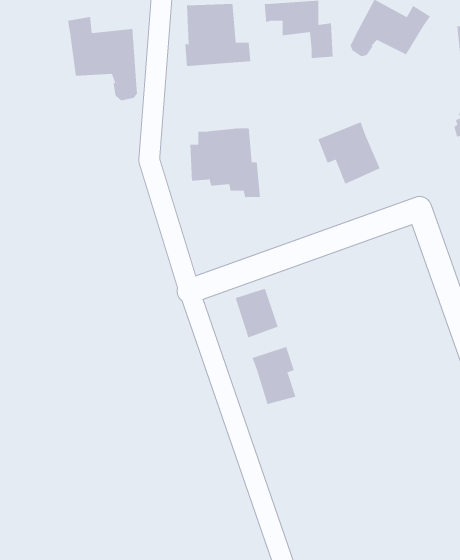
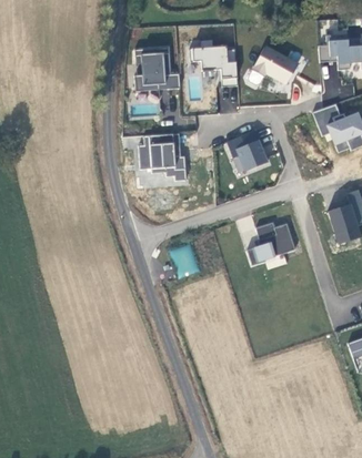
building: [67,16,137,101] -> none
building: none -> [247,222,294,266]
building: [252,346,296,405] -> none

